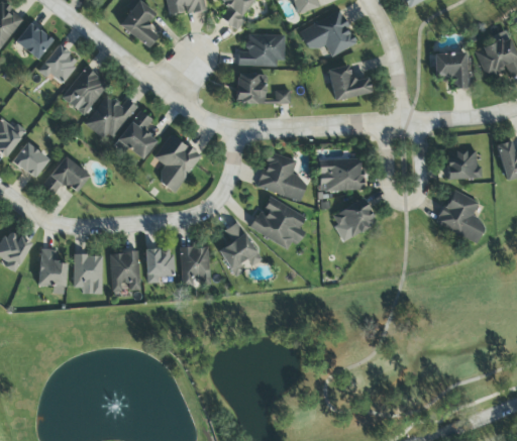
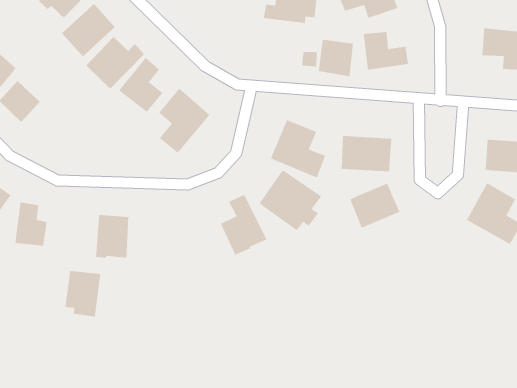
building: [236,73,266,104] -> [318,39,354,77]
building: [42,155,90,195] -> none
building: [181,246,210,279] -> none
building: [145,248,174,283] -> none
building: [74,254,103,294] -> [64,270,101,317]

